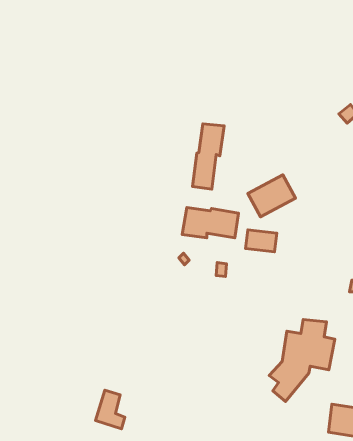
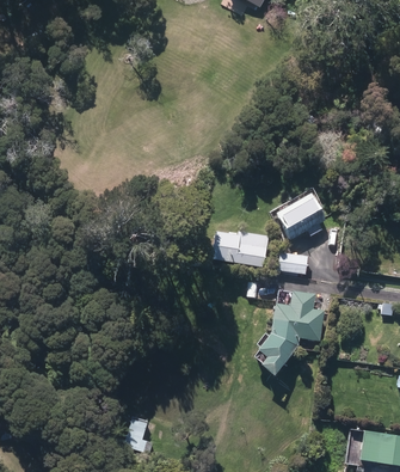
building: [193,124,224,189] -> none
building: [269,319,335,401] -> [258,289,325,373]

